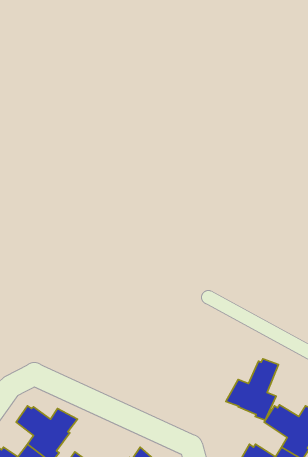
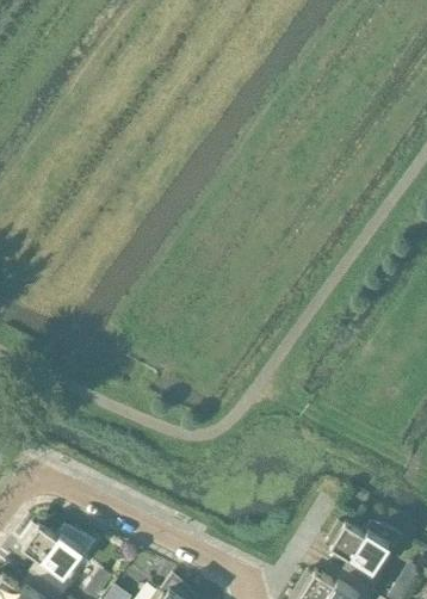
building: [226,359,279,420] -> none

